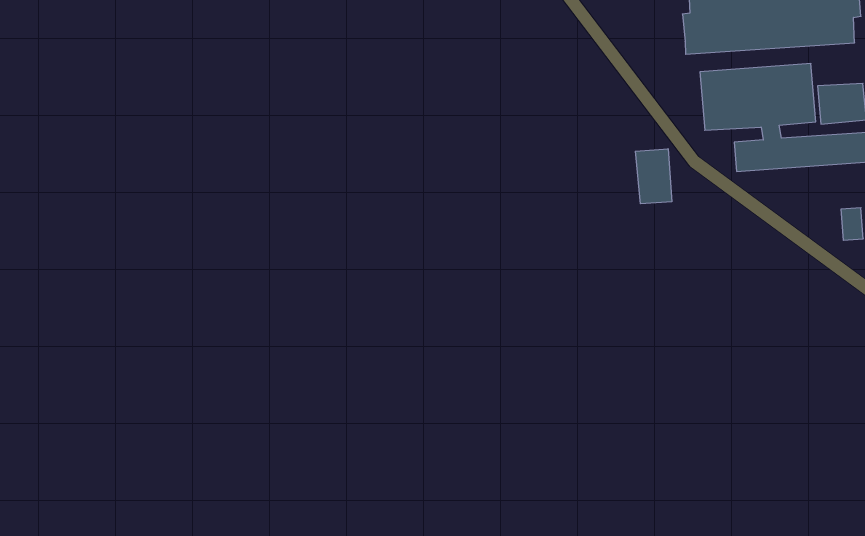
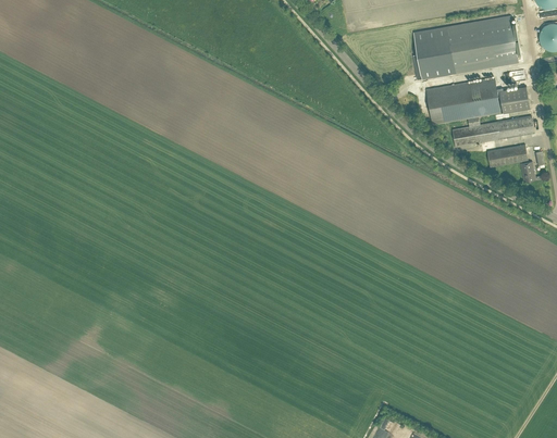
building: [635,149,672,204] -> none
building: none -> [486,145,528,166]

